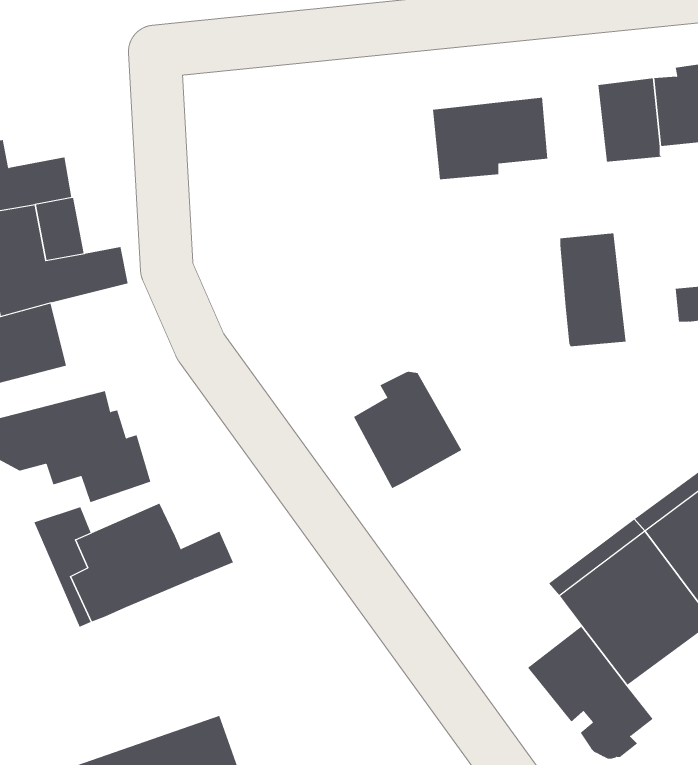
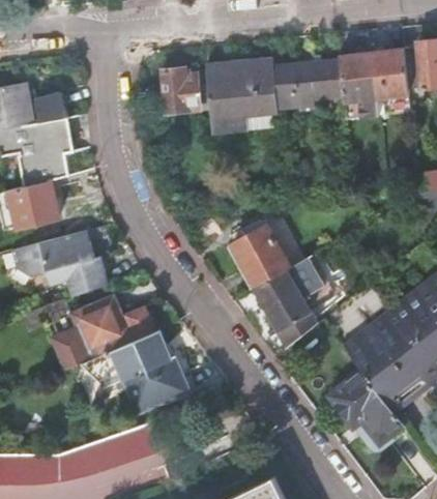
building: none -> [207,60,279,130]
building: none -> [163,69,200,112]
building: [560,233,626,347] -> [340,52,379,119]
building: none -> [257,264,318,345]
building: none -> [82,331,192,415]

